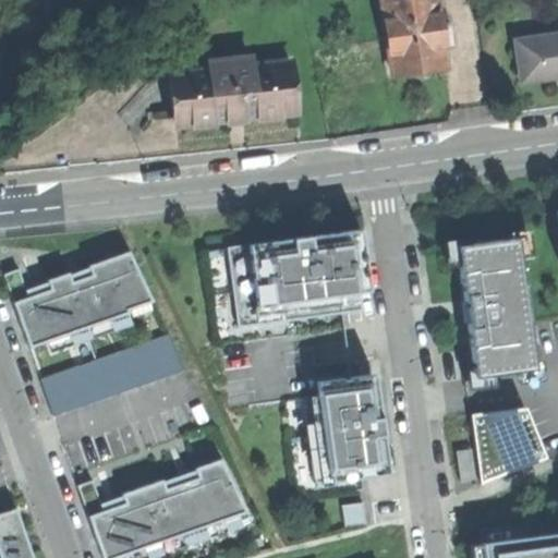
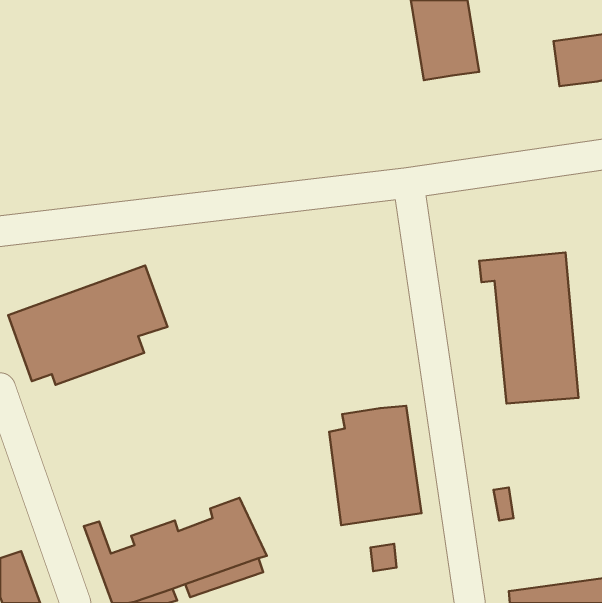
building: [172,54,296,124] -> none
building: [227,229,371,329] -> none
building: [41,335,187,418] -> none
building: [472,408,547,485] -> none

